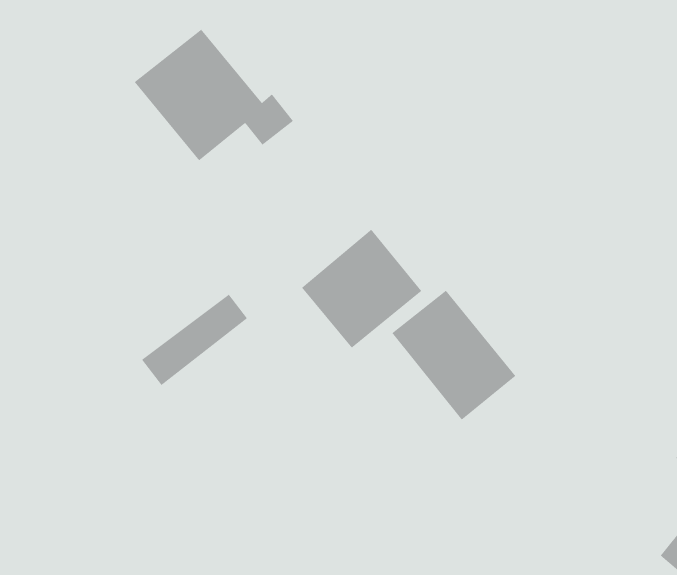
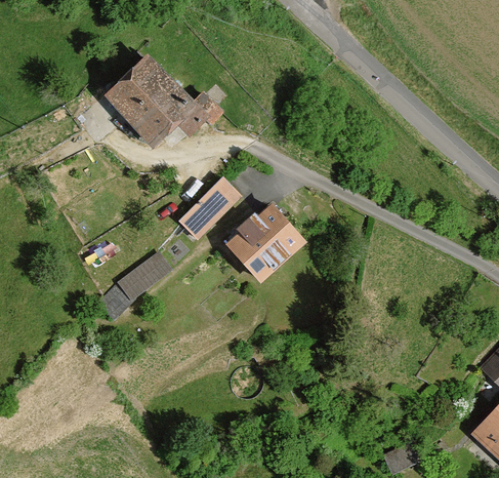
building: none -> [179,174,245,239]
building: [392,290,516,421] -> none

